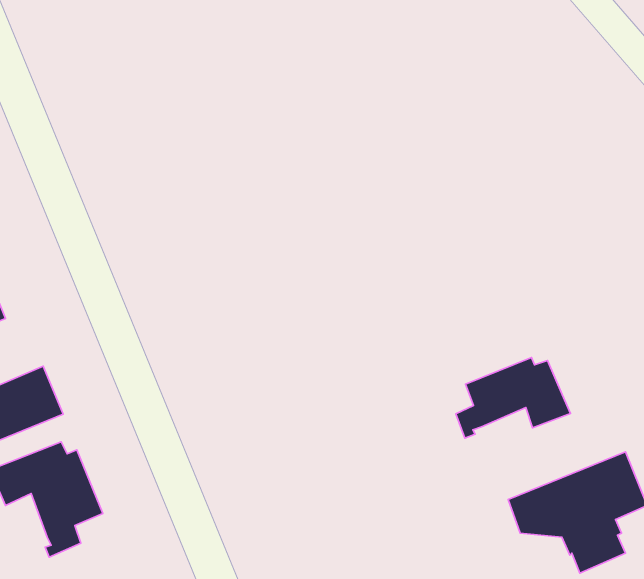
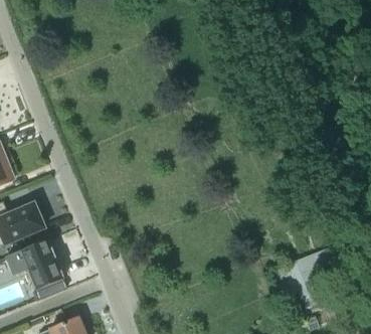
building: [456,357,571,438] -> none

